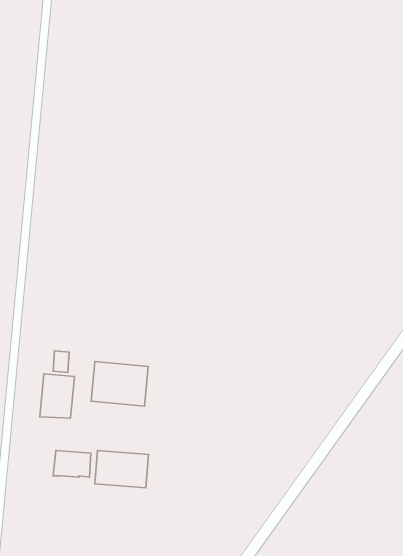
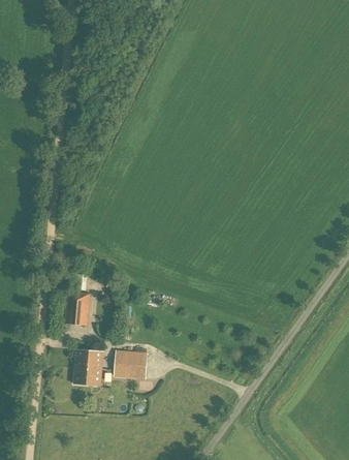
building: [91,362,148,406] -> none
building: none -> [76,370,105,387]

